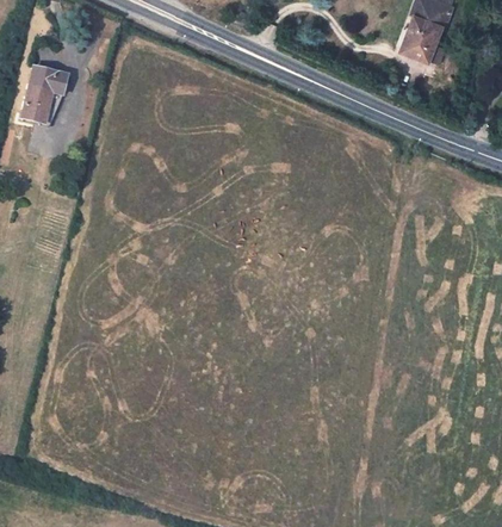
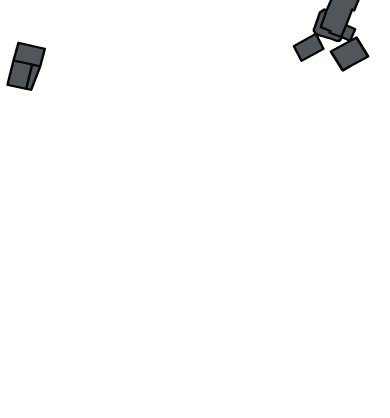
building: none -> [294,34,323,61]
building: none -> [331,37,368,71]

